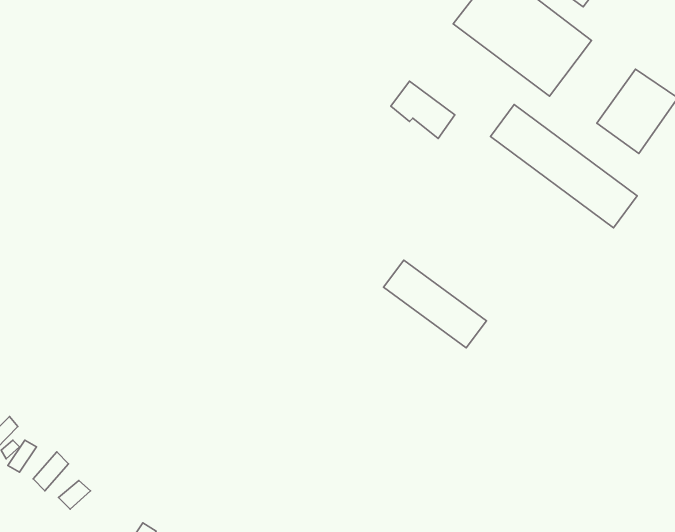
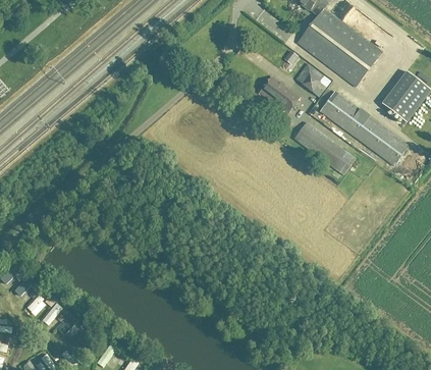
building: none -> [294,62,328,96]
building: [384,260,487,348] -> [292,121,355,174]

